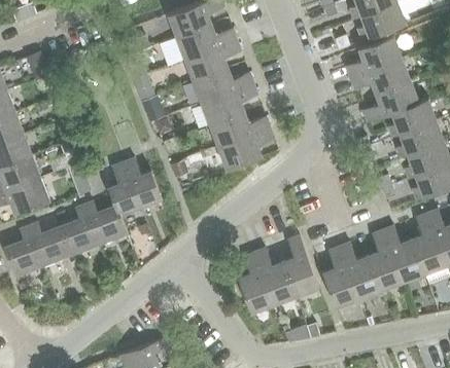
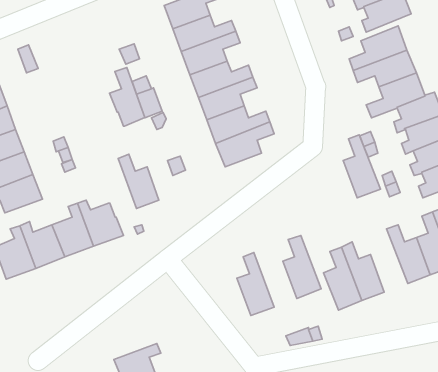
building: [106,161,140,218] -> [110,67,145,126]
building: [366,229,402,290] -> [343,135,381,198]
building: [253,248,295,304] -> none

